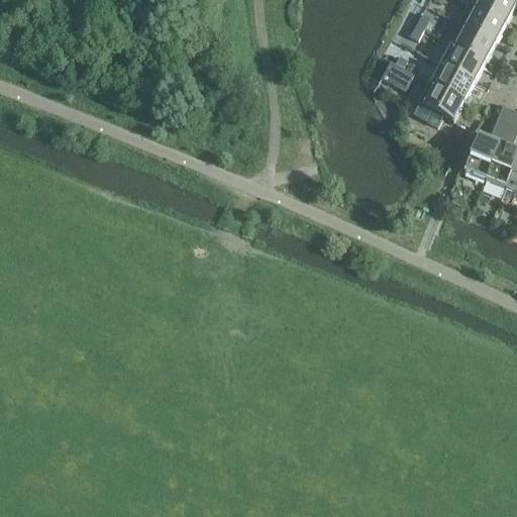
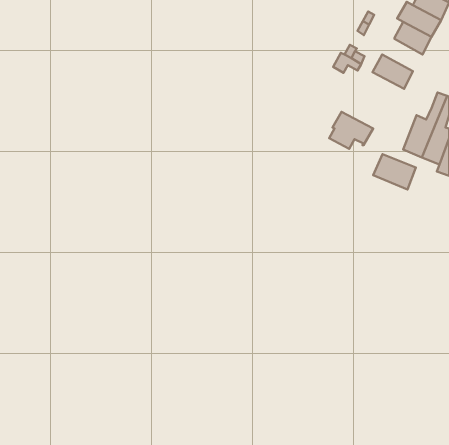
building: [439,42,486,82] -> none
building: [414,83,464,125] -> [329,112,373,149]
building: none -> [373,154,416,189]

